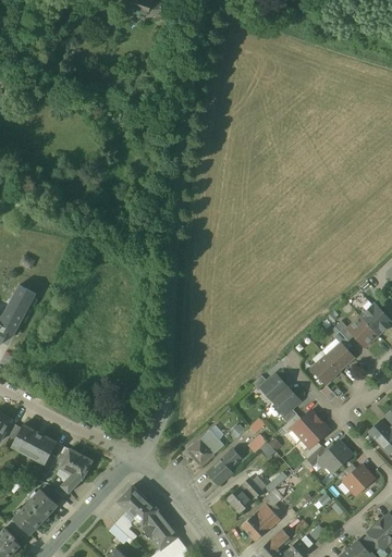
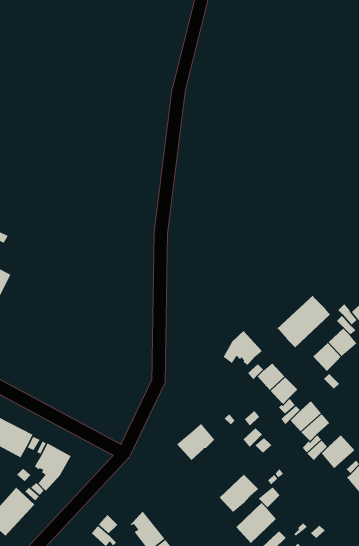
building: none -> [276,295,331,348]
building: none -> [223,330,263,366]
building: [207,449,242,486] -> none
building: [118,486,158,525] -> none

